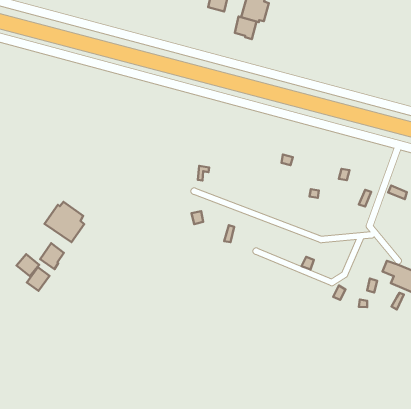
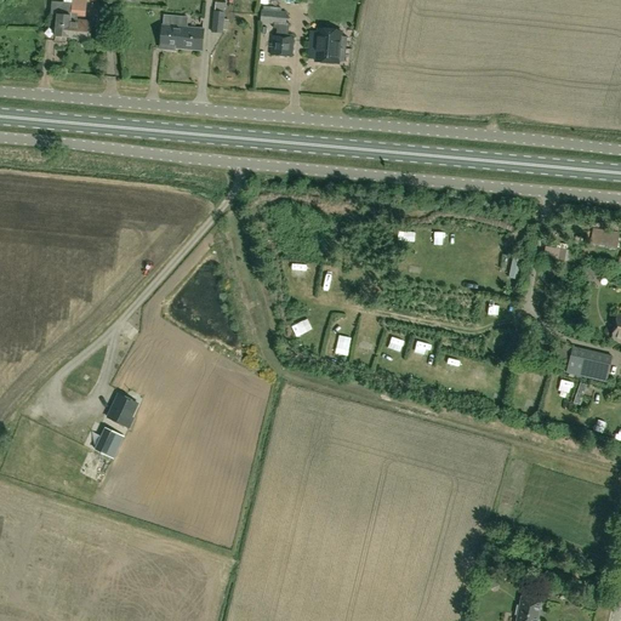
building: [235,17,257,39] -> none
building: [45,202,84,242] -> none

